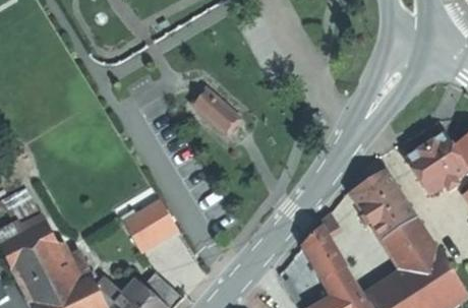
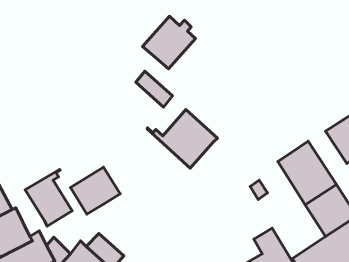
building: none -> [142,16,196,69]
building: none -> [147,110,217,168]
building: none -> [25,169,72,226]
building: [304,225,346,279] -> none

